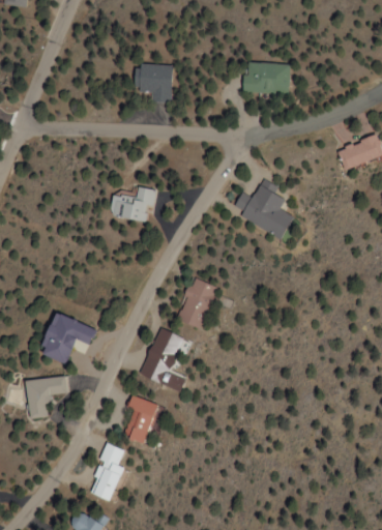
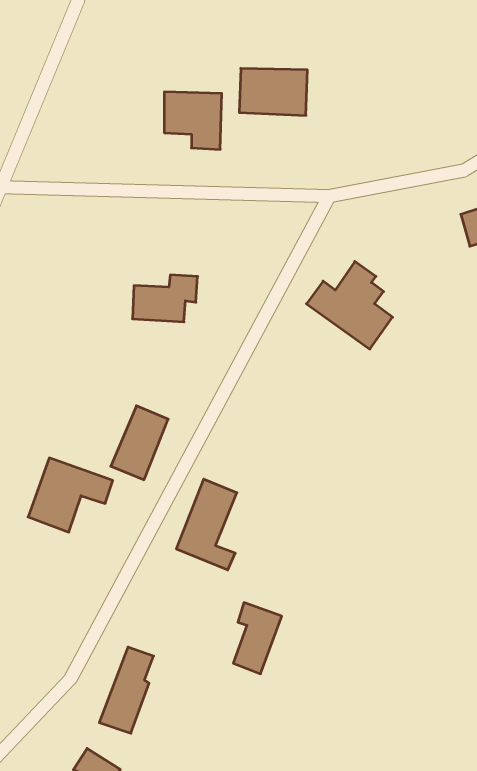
building: [243,62,290,94] -> [239,68,307,115]
building: [178,278,217,329] -> [111,406,168,480]
building: [27,376,69,419] -> none
building: [125,395,158,444] -> [233,603,282,674]

